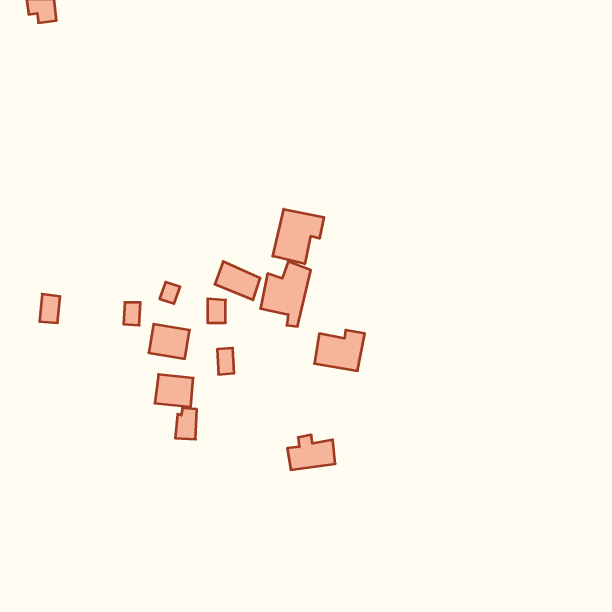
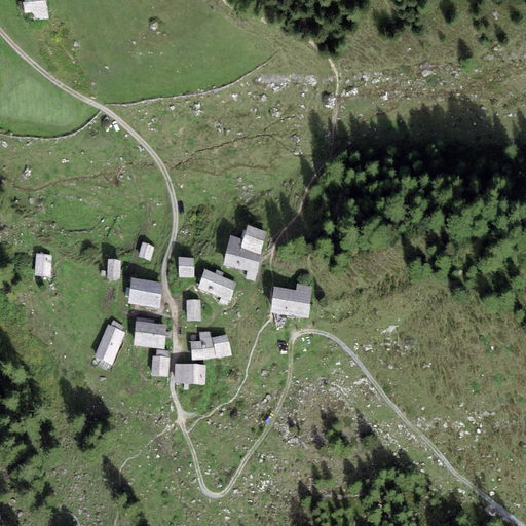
building: [273,209,324,264] -> none
building: [215,261,260,300] -> [196,267,235,300]
building: none -> [92,320,125,364]
building: none -> [174,363,204,383]
building: [287,435,335,470] -> [189,330,230,360]

